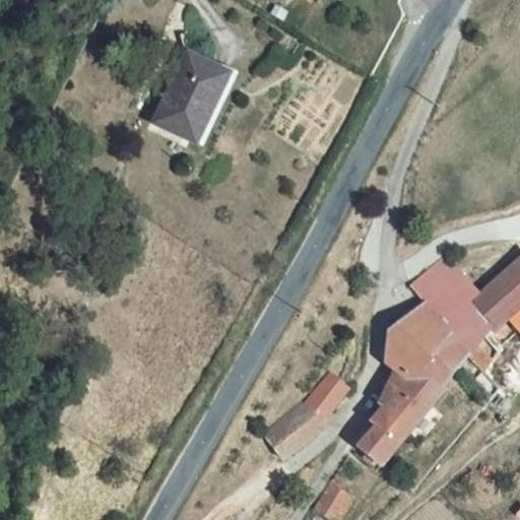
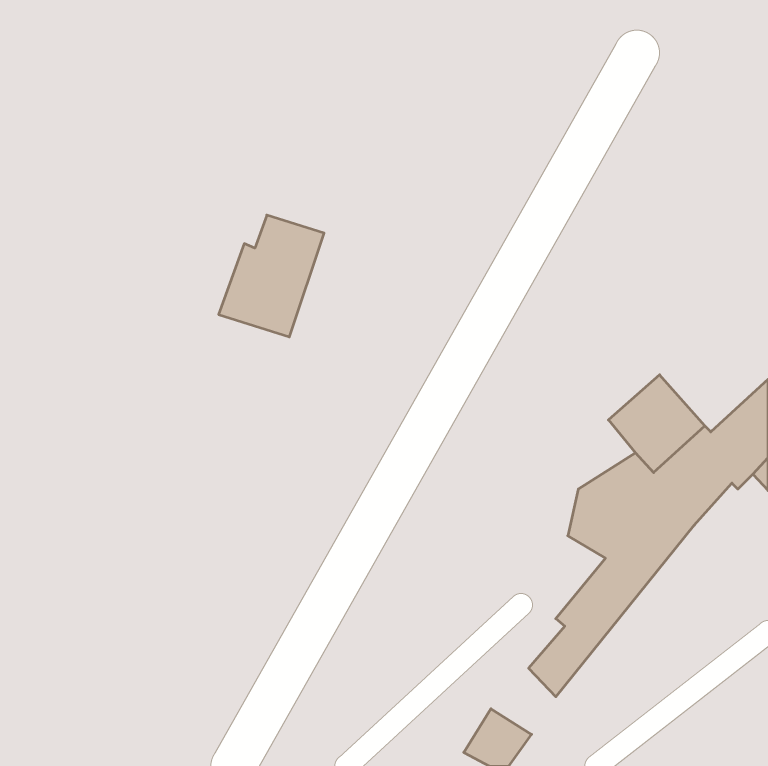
building: [161,64,233,146] -> [219,215,324,337]
building: [264,369,349,457] -> none

